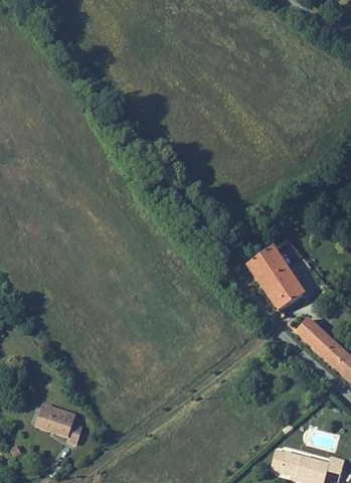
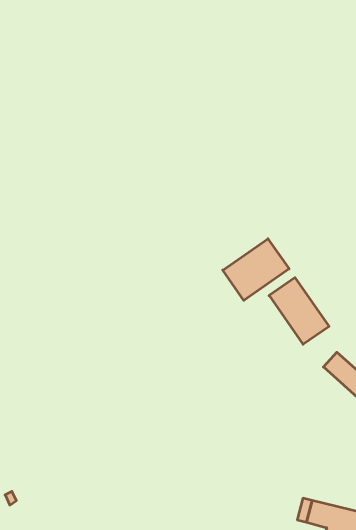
building: none -> [223,239,289,300]
building: [36,400,83,443] -> none

